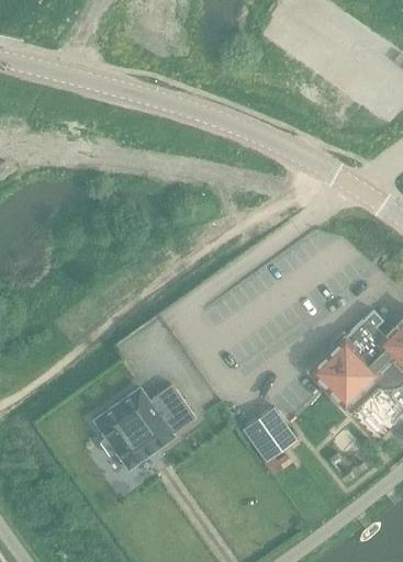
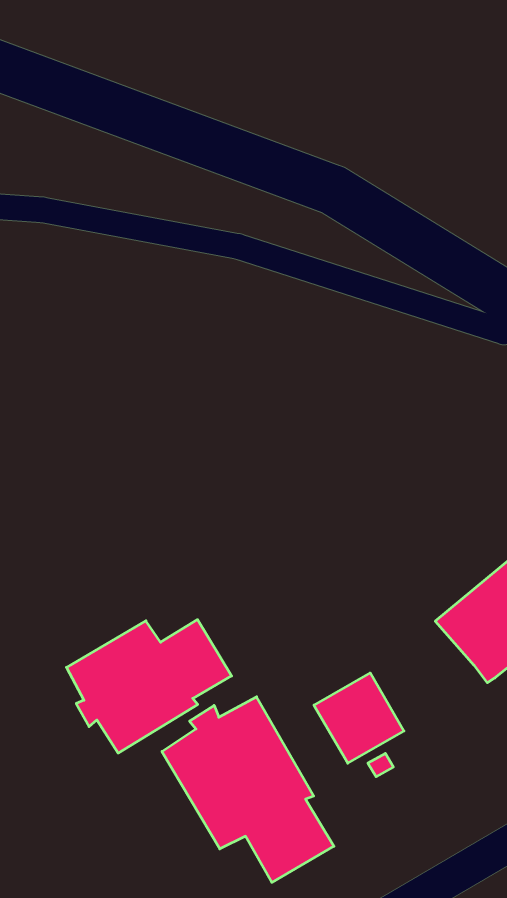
building: none -> [162,697,334,882]

